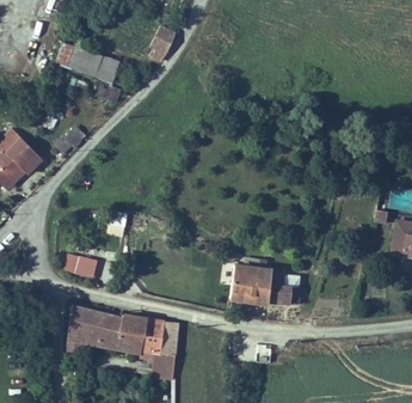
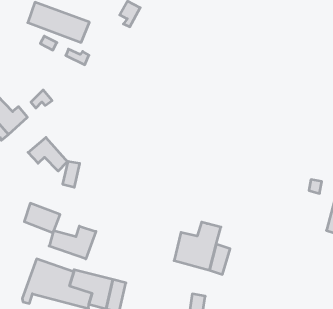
building: none -> [28,137,68,171]
building: none -> [49,226,96,259]

